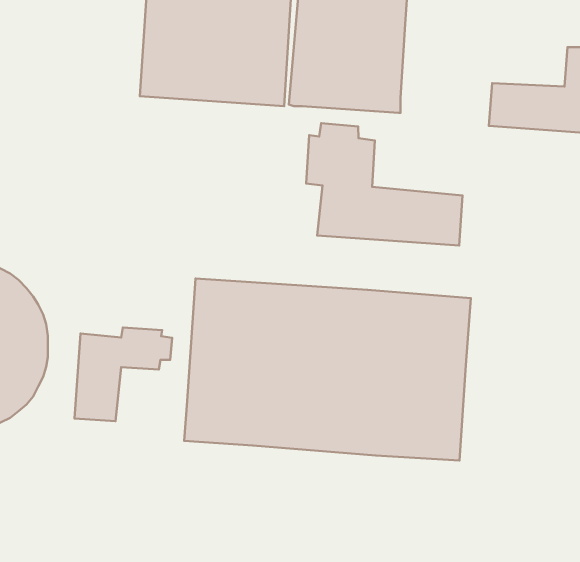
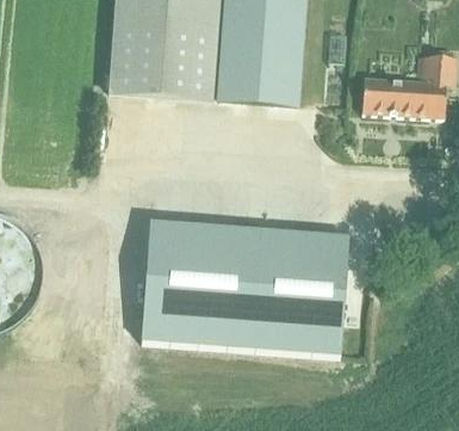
building: [306,123,463,245] -> none
building: [74,328,172,421] -> none

